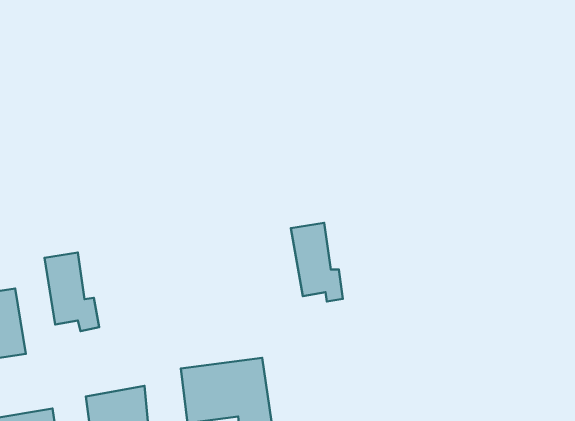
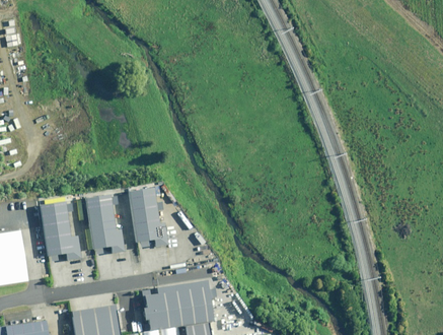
building: [291,223,343,302] -> [127,188,166,248]
building: none -> [84,195,124,254]

